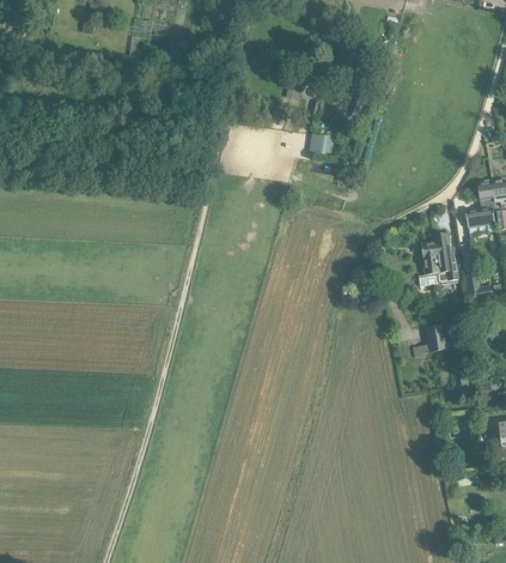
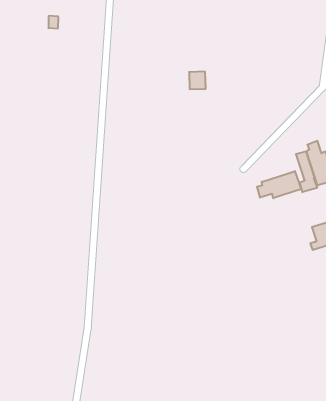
building: none -> [257,171,301,198]

